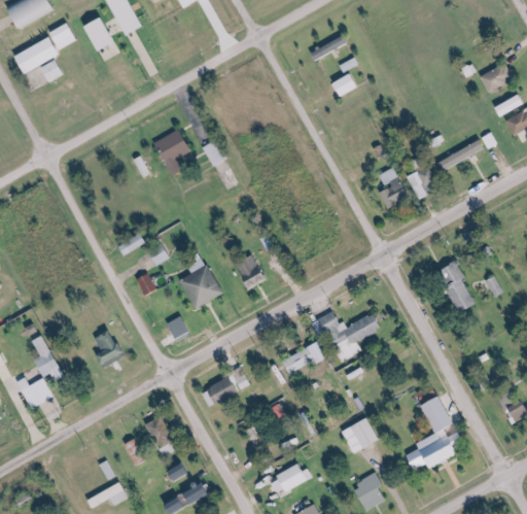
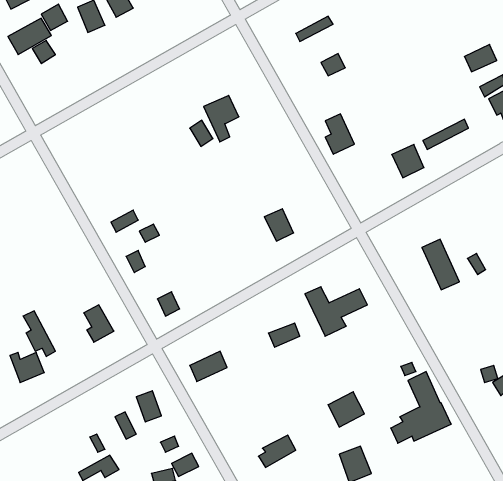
building: [153,129,189,176] -> [204,95,239,142]
building: [378,167,408,208] -> [325,114,354,154]
building: [235,254,265,287] -> [264,209,294,241]
building: [178,258,222,309] -> none

